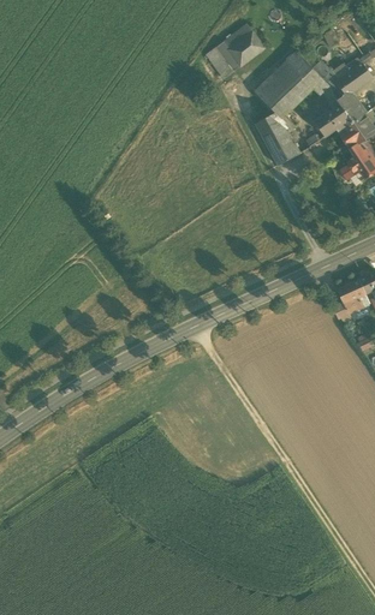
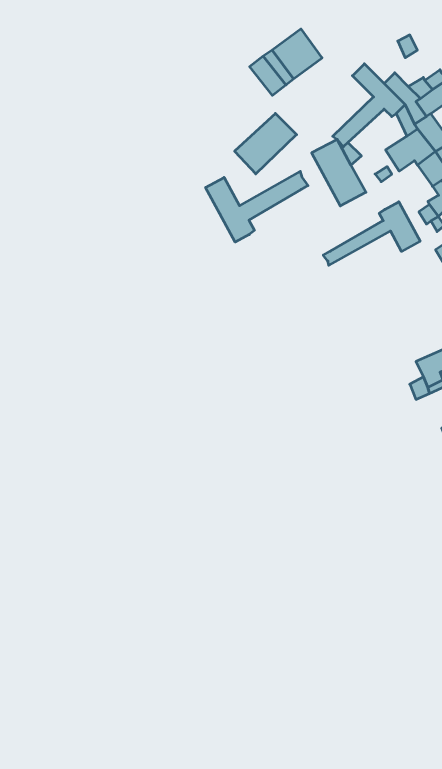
building: [256,62,305,111] -> [235,113,297,174]
building: none -> [206,171,308,242]
building: none -> [323,202,420,265]

